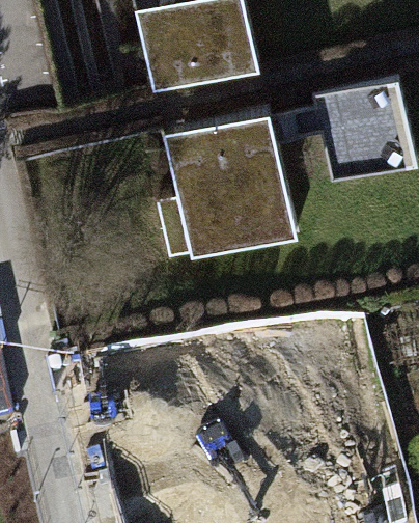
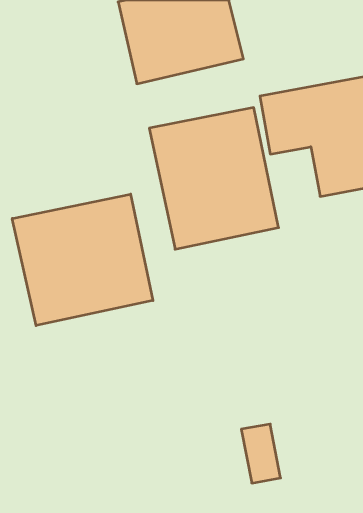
building: none -> [12,194,153,326]

